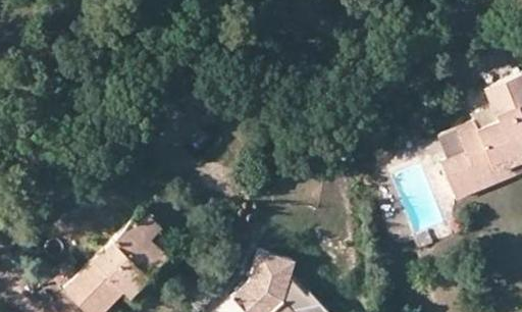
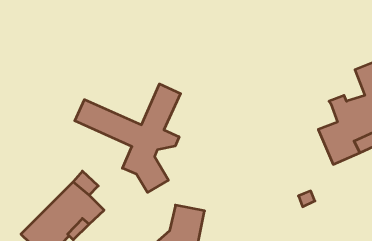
building: none -> [75,84,181,192]

